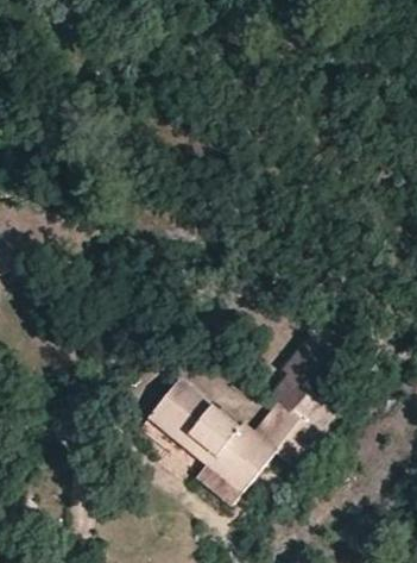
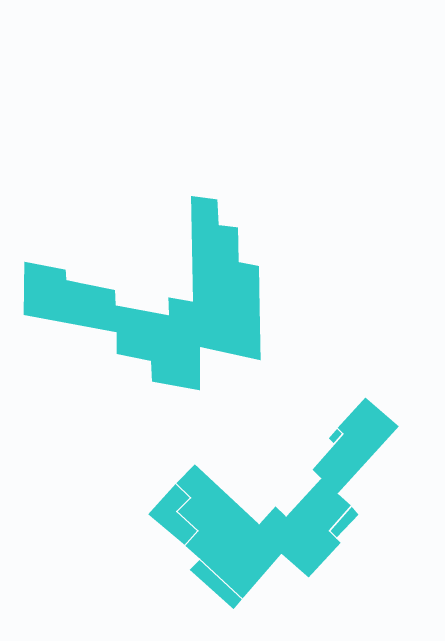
building: none -> [23,195,261,391]

